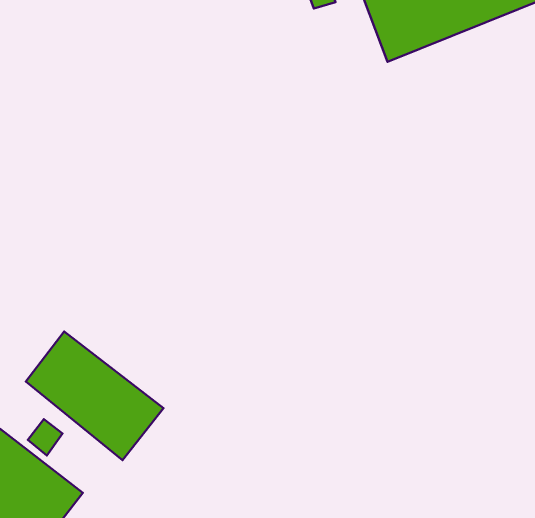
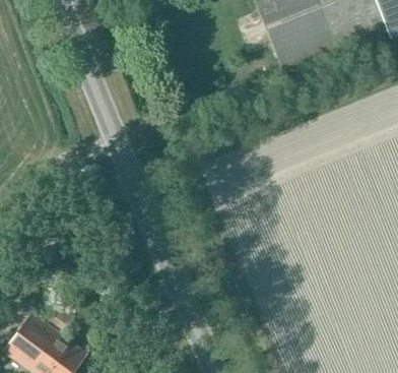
building: [26,331,163,460] -> none

